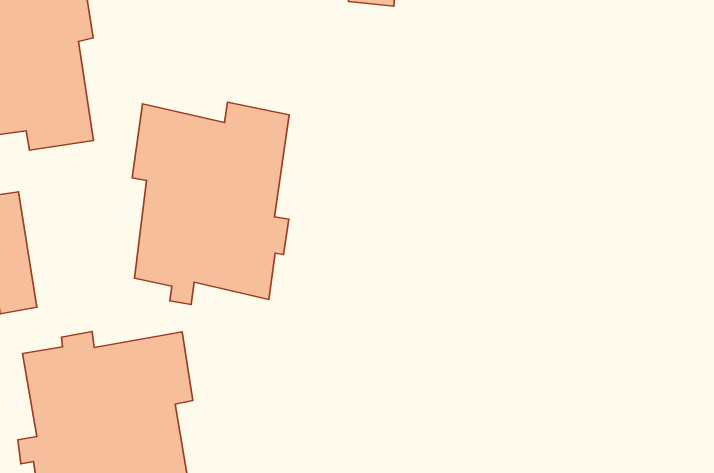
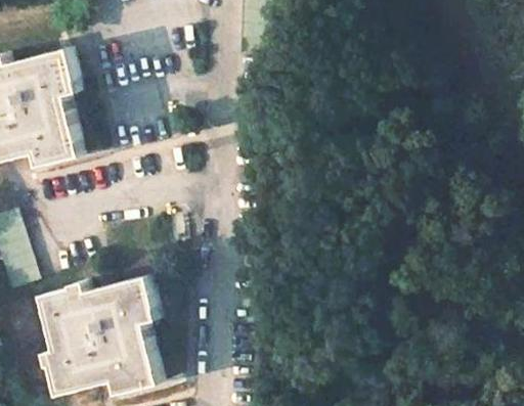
building: [132,102,289,304] -> none

